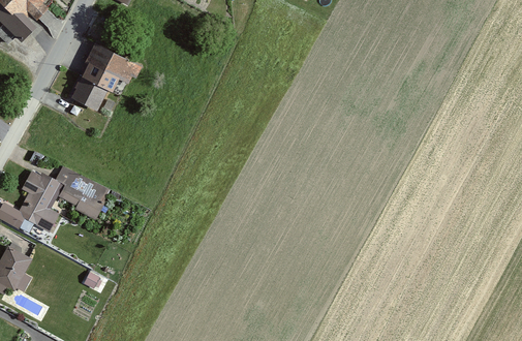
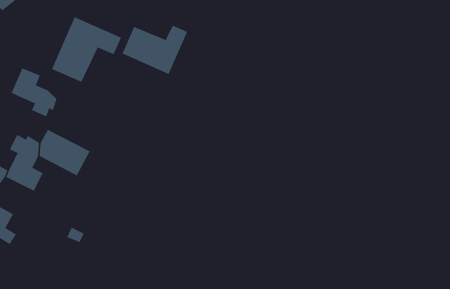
building: none -> [122,25,188,75]
building: none -> [11,68,57,117]

